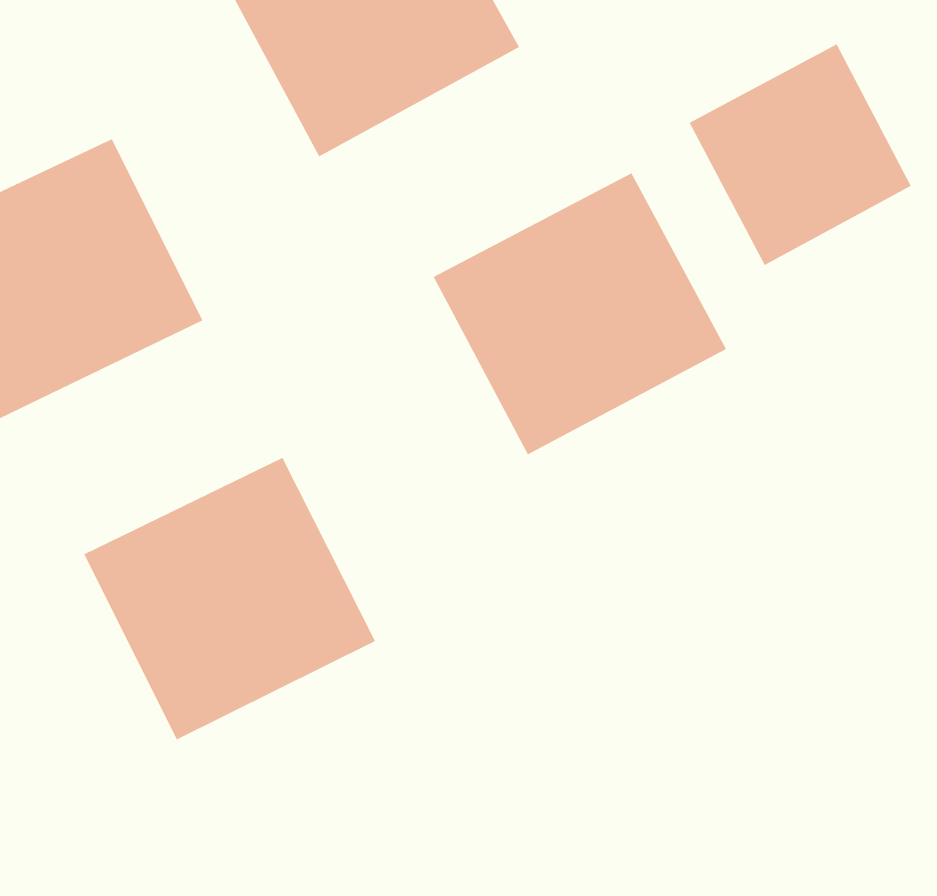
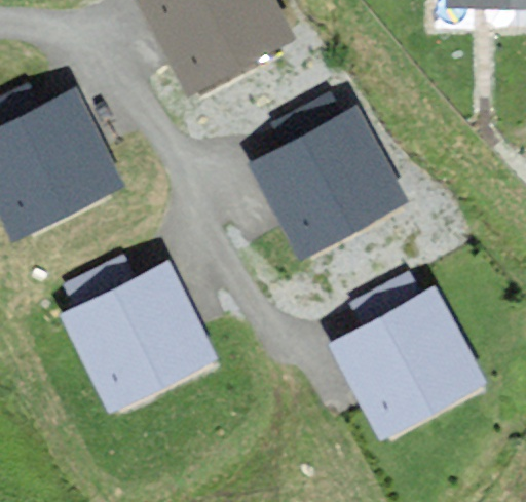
building: [689,44,911,266] -> none
building: none -> [328,286,486,440]

